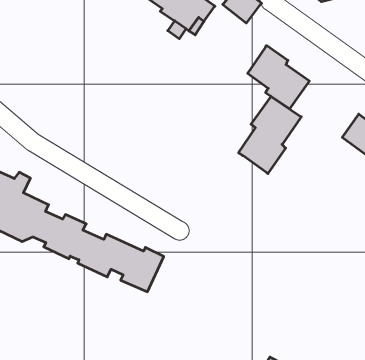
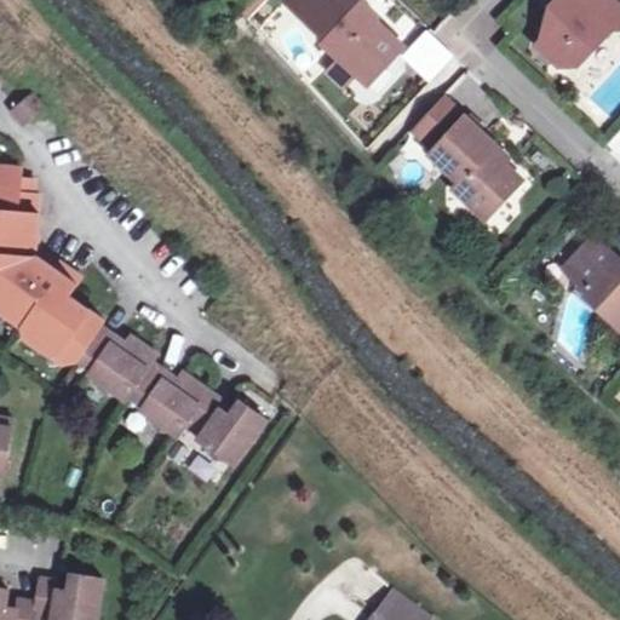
building: none -> [412,104,461,155]
building: [239,96,301,174] -> none

